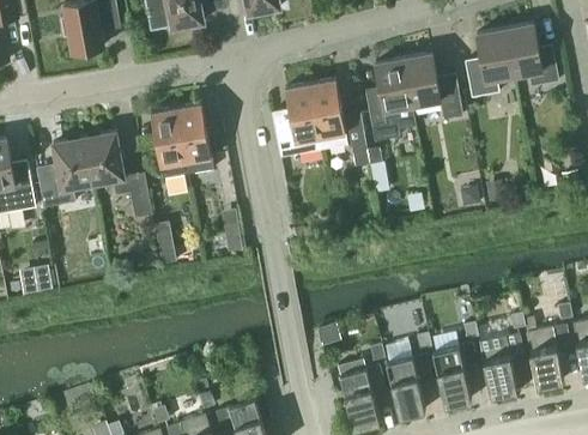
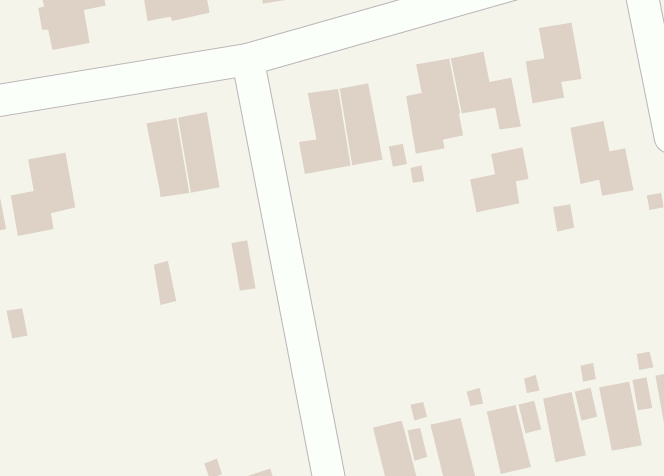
building: [504,23,558,86] -> [570,120,635,197]
building: [84,131,151,217] -> none
building: none -> [469,146,529,213]

